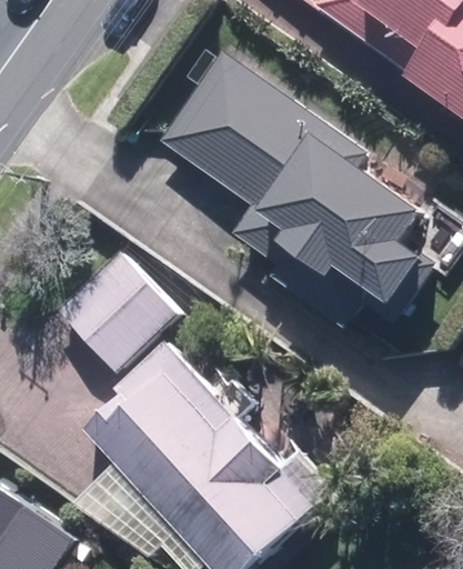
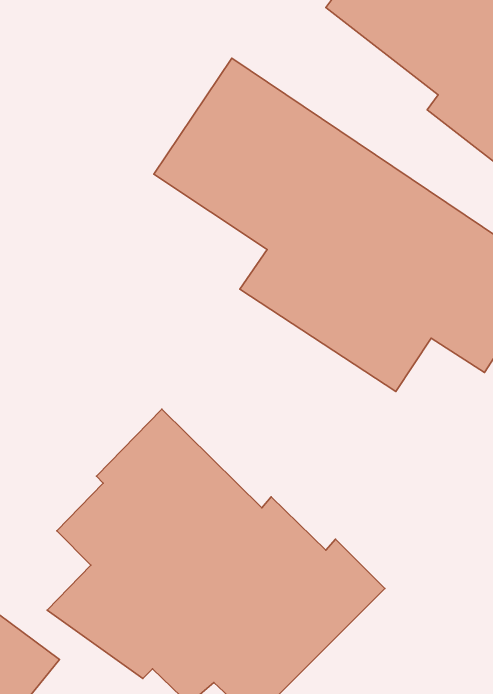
building: [57,247,182,372] -> none

